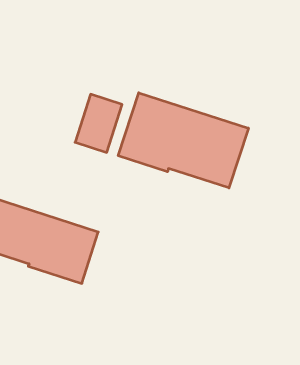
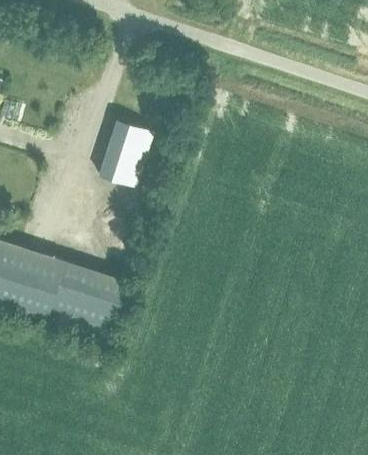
building: [118,93,248,188] -> none

